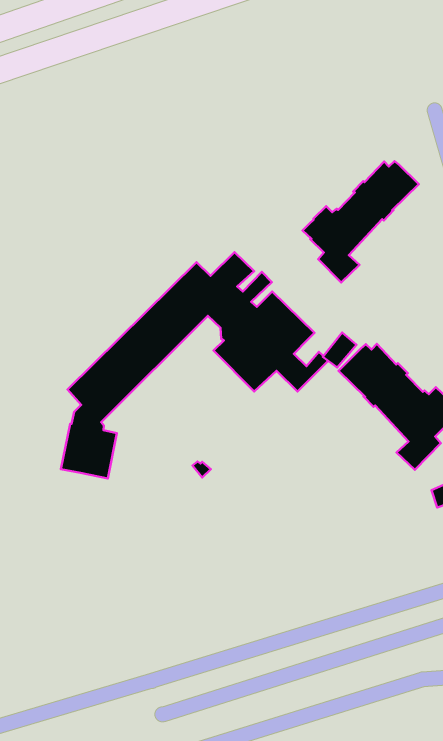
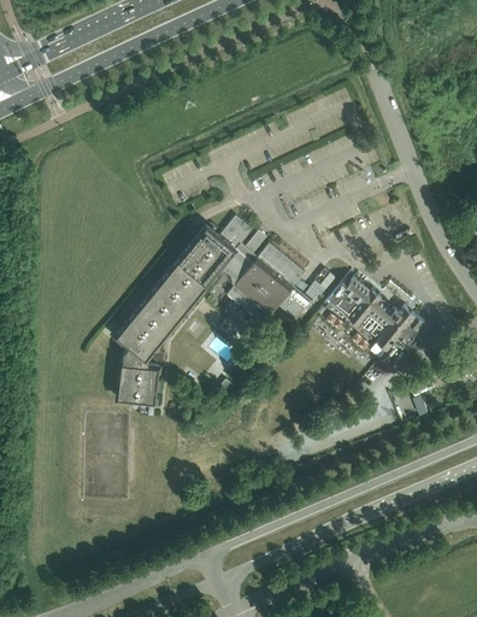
building: [302,161,419,282] -> none

